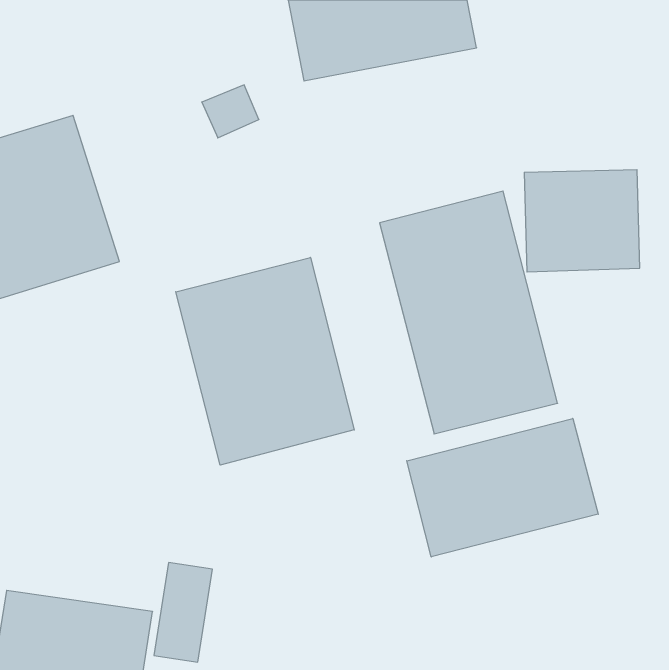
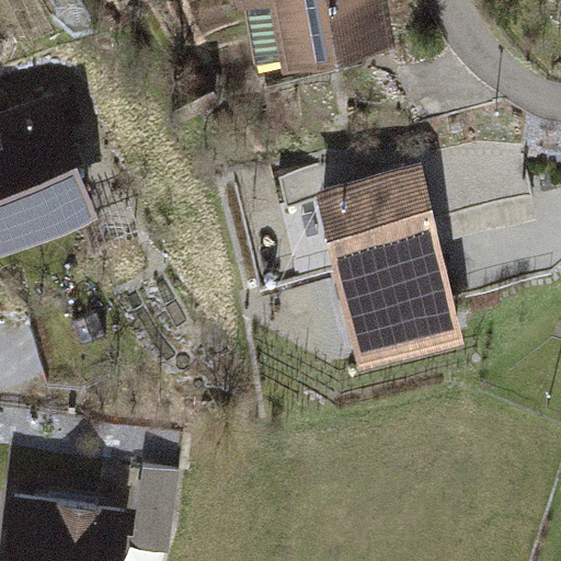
building: [176,257,354,465] -> none
building: [407,418,598,557] -> none

